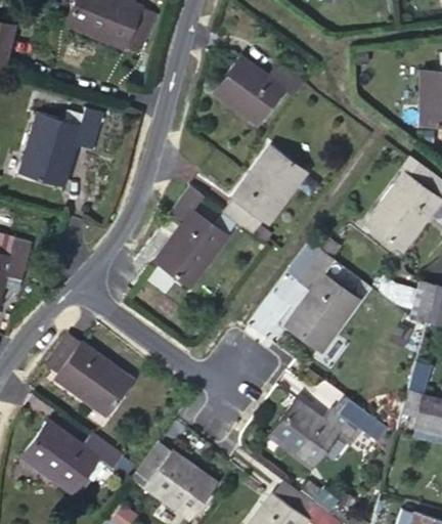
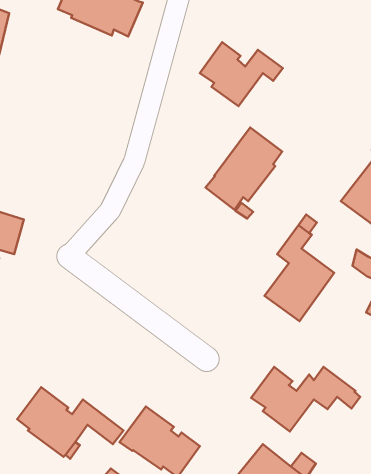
building: [23,107,102,187] -> none
building: [154,186,228,288] -> none
building: [46,333,133,416] -> none

